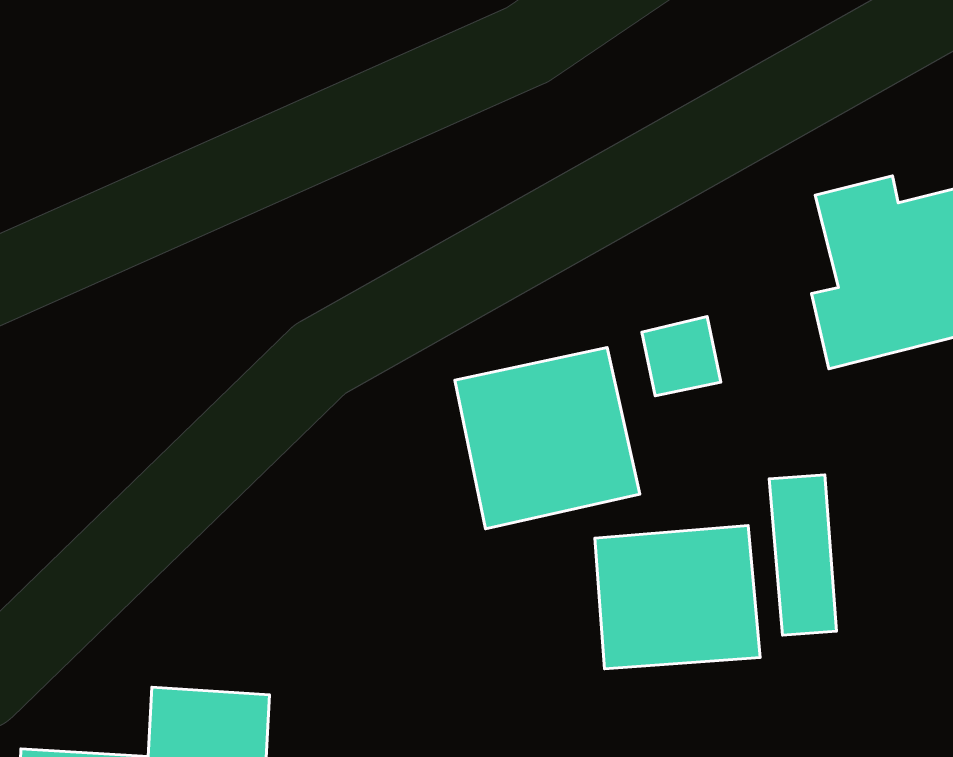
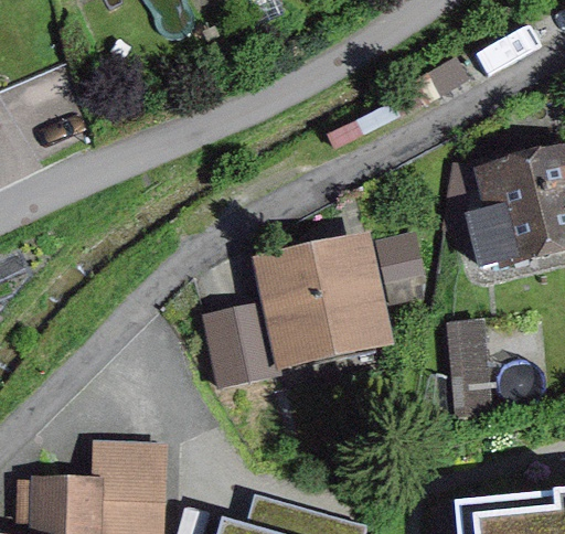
building: none -> [206,306,278,386]
building: [595,526,760,669] -> none

